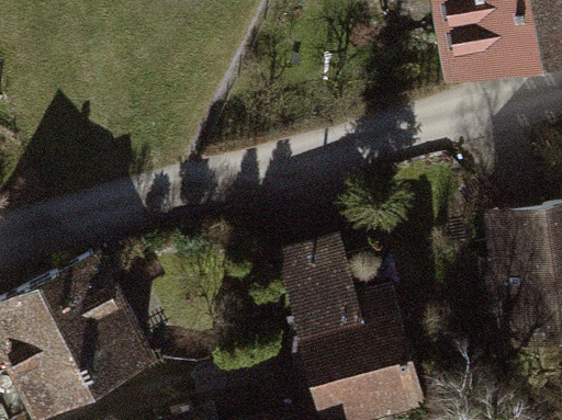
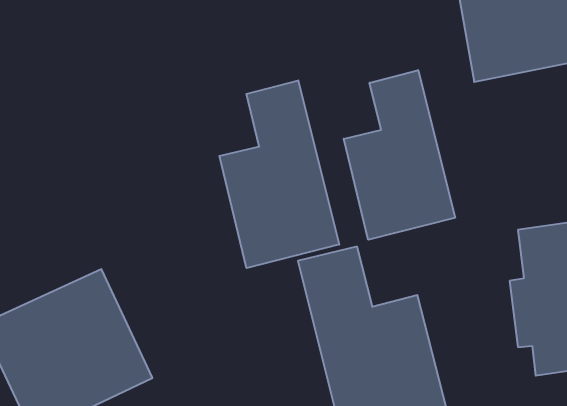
building: none -> [344,70,455,240]
building: none -> [219,80,339,268]

